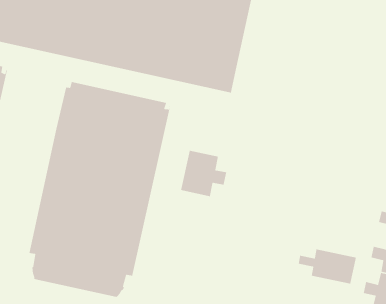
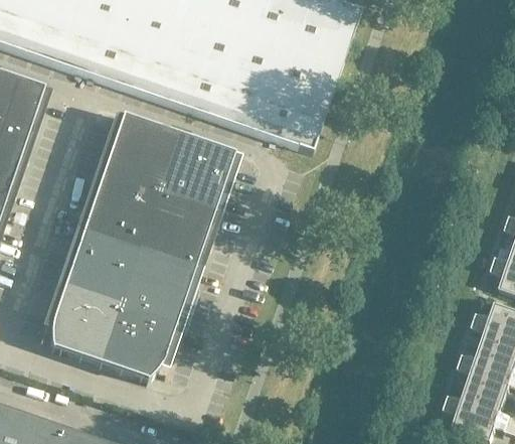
building: [180,150,227,197] -> none
building: [298,248,357,285] -> none

